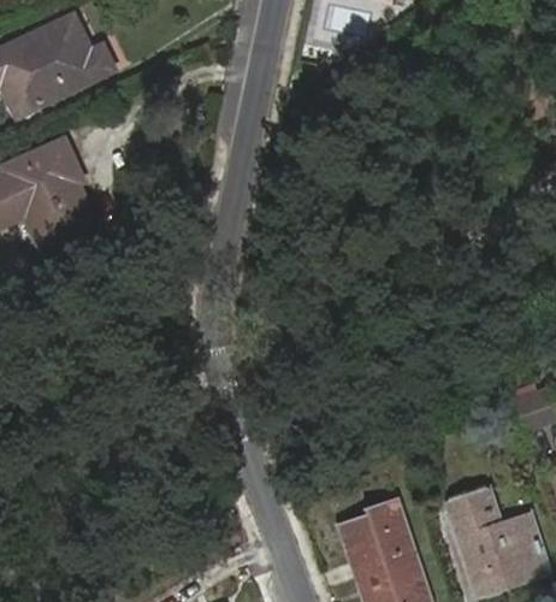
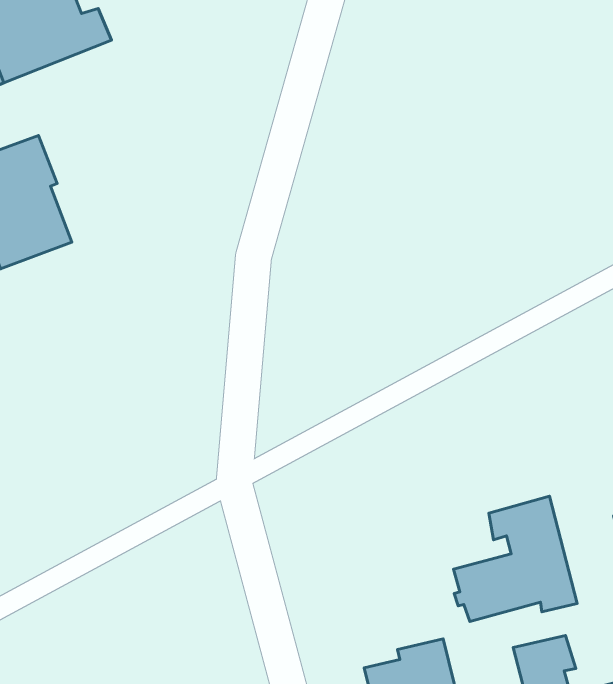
building: none -> [454,496,577,622]

